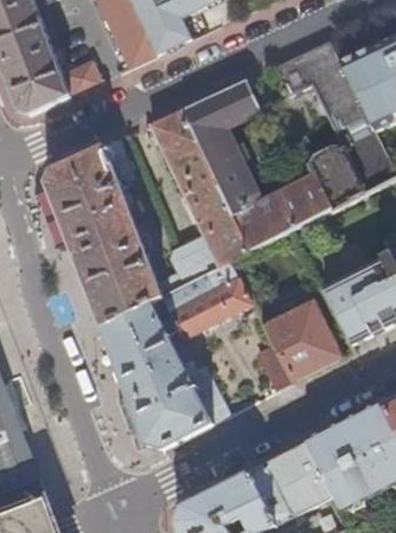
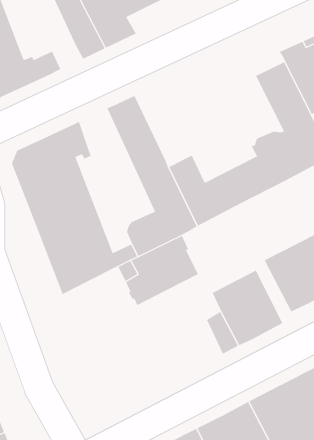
building: [267,38,344,95] -> none
building: [181,77,262,179] -> none
building: [102,297,231,450] -> none

